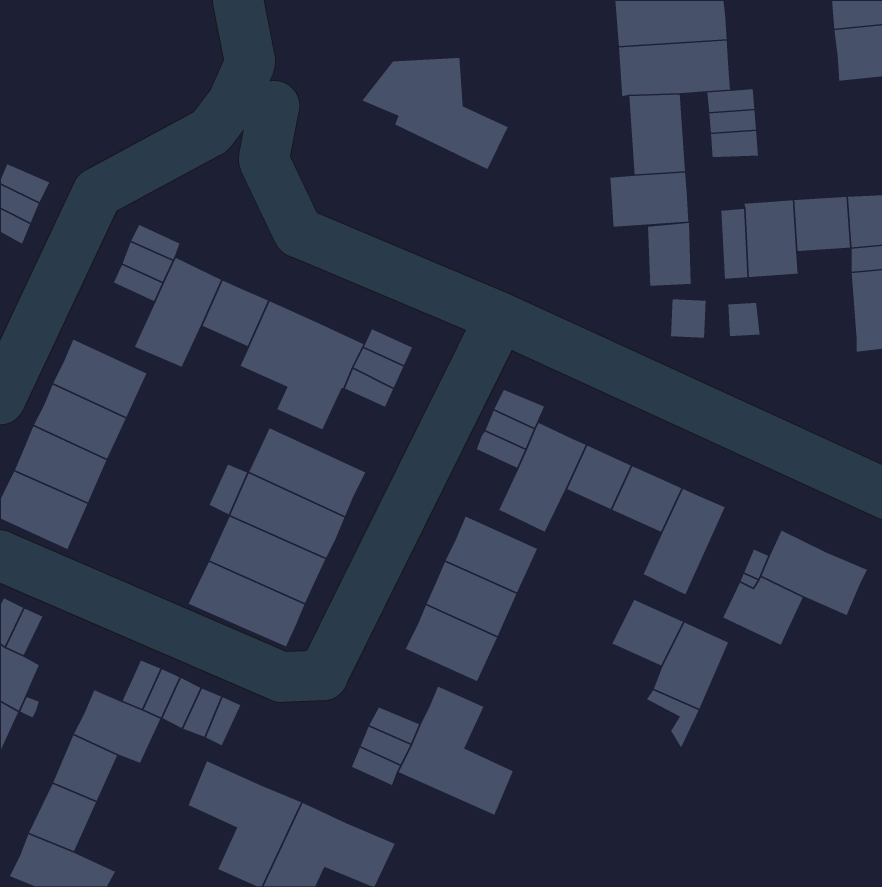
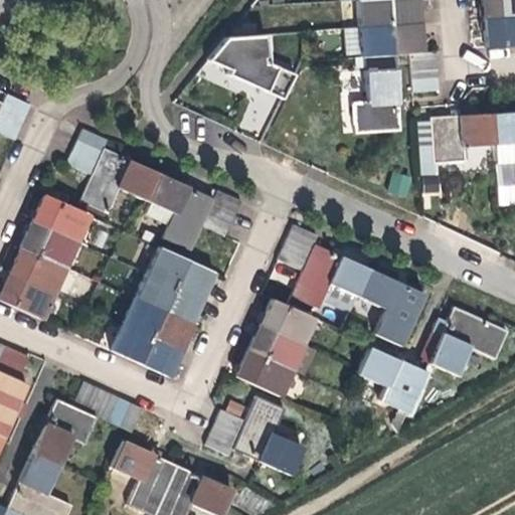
building: [647,222,692,287] -> none

